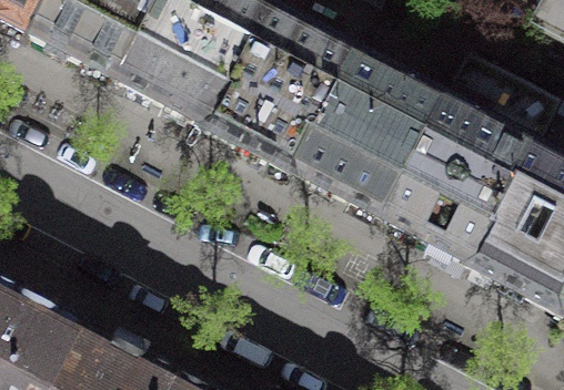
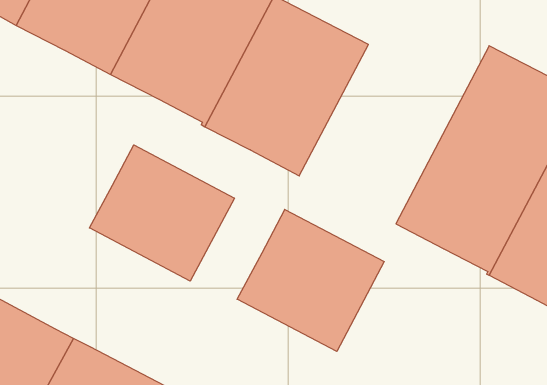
building: [293,52,470,218] -> none
building: none -> [89,145,234,281]
building: none -> [237,209,384,351]

